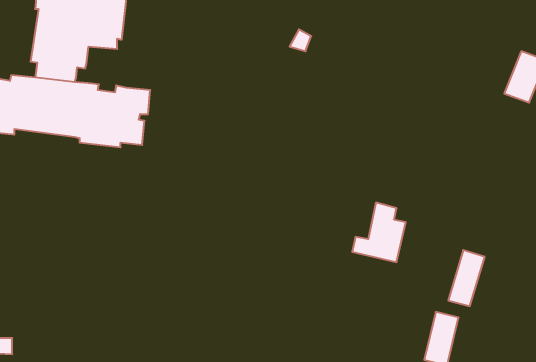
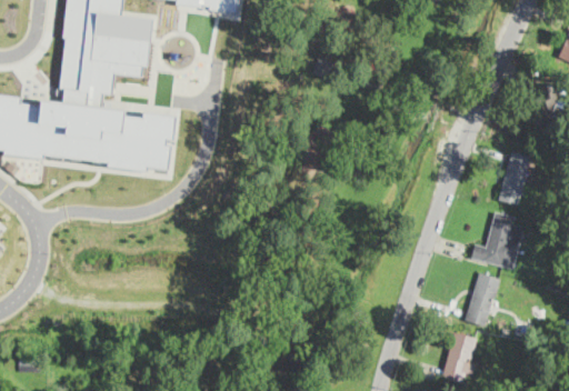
building: none -> [498,148,536,207]
building: [352,203,406,262] -> [470,211,522,269]

